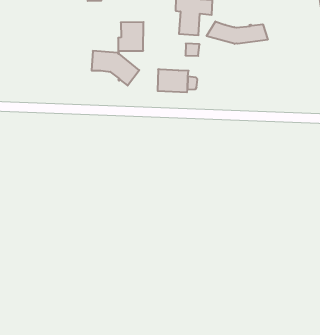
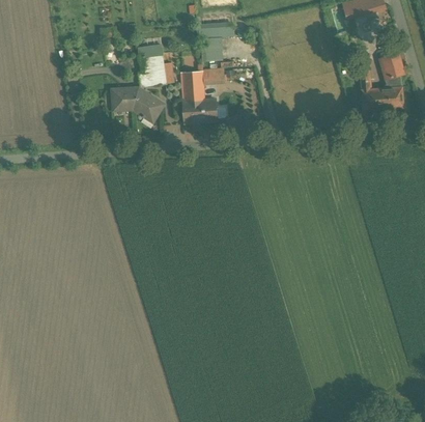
building: [207,21,268,44] -> none
building: none -> [183,71,205,101]

